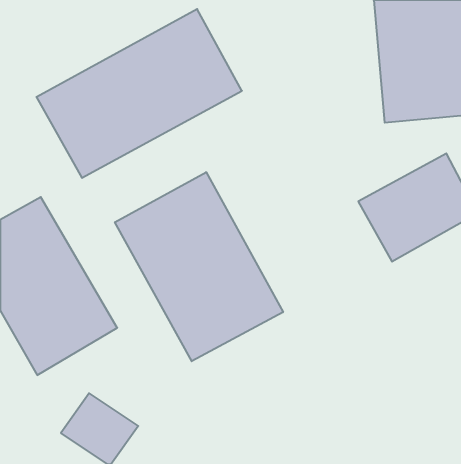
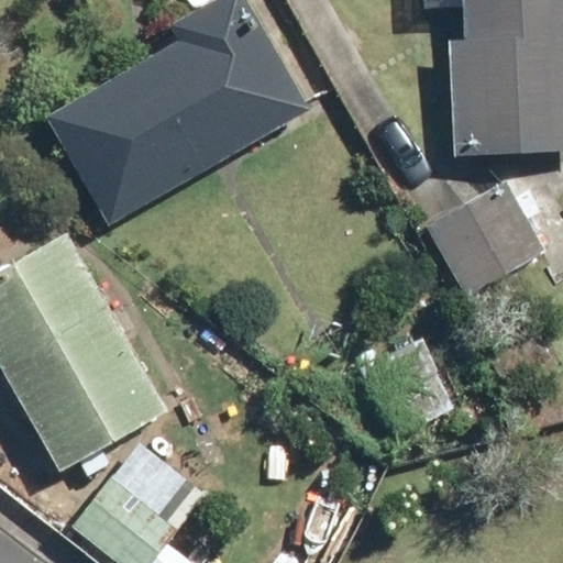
building: [115,172,283,361] -> none

